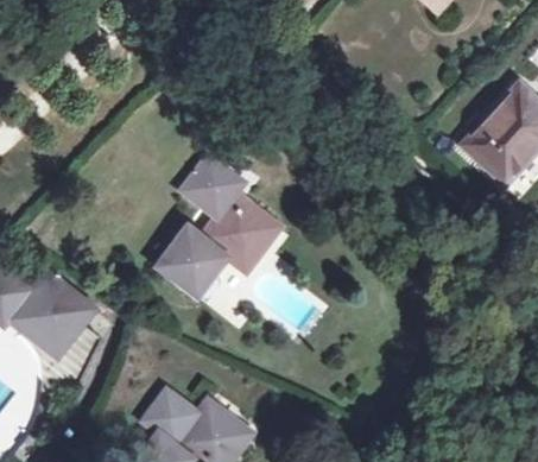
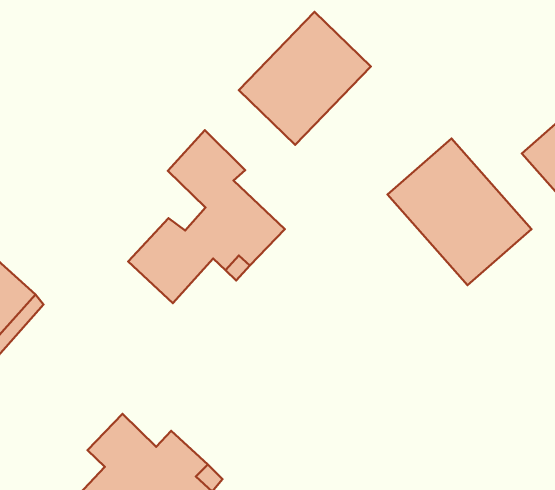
building: none -> [239,12,371,145]
building: none -> [388,139,532,285]

